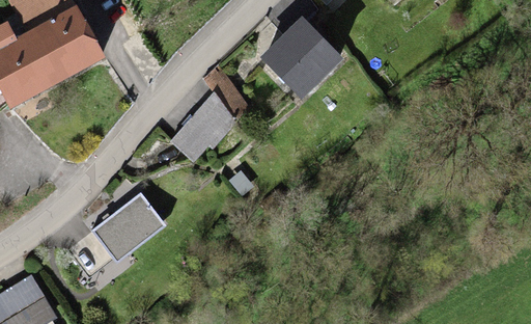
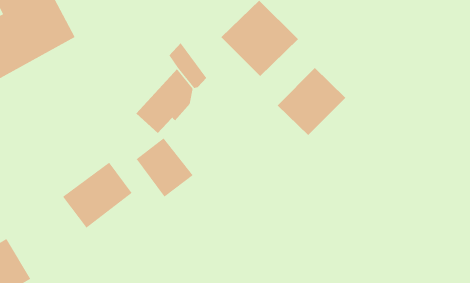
building: none -> [277,67,346,136]
building: none -> [136,137,193,198]

